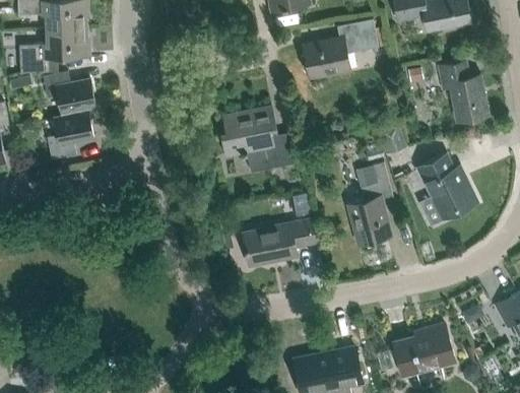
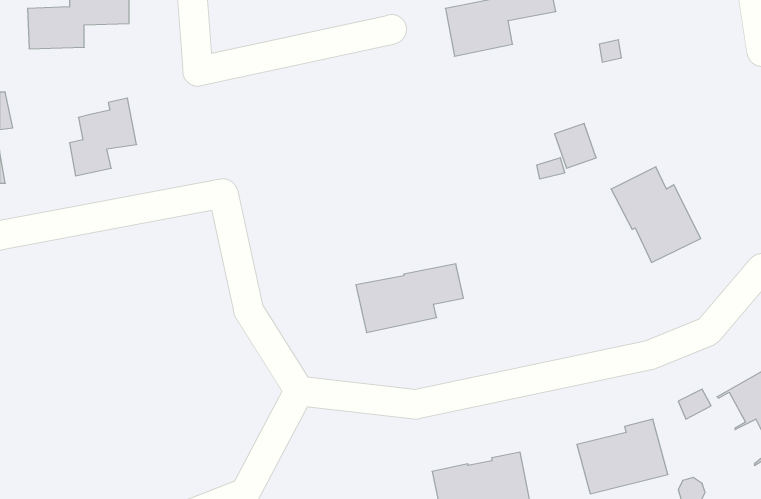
building: [440,62,488,121] -> none
building: [44,72,95,118] -> none
building: [221,106,295,173] -> none
building: [348,162,393,244] -> none

